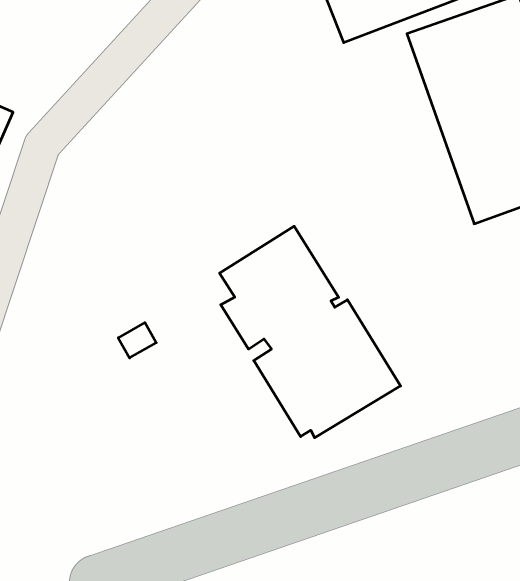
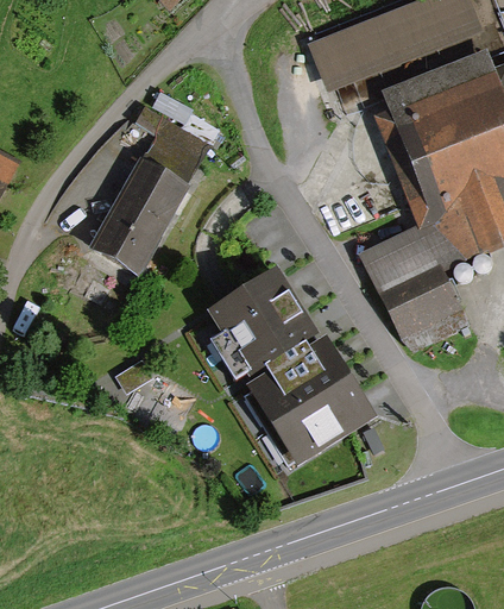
building: none -> [89,106,203,269]
building: none -> [358,219,461,337]

